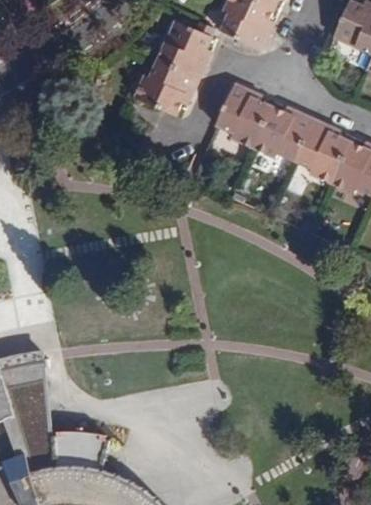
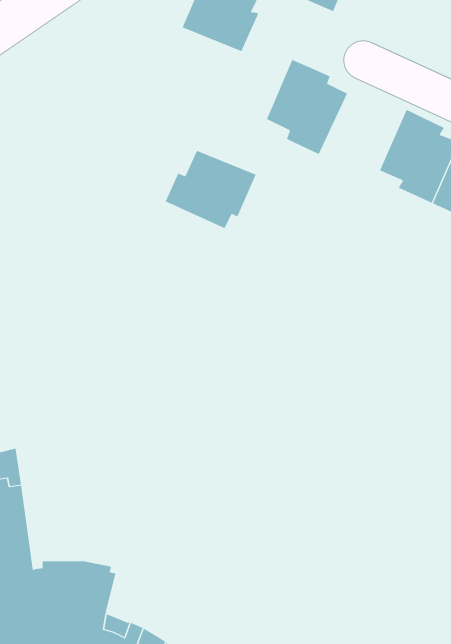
building: [133,61,197,116] -> [165,150,256,229]
building: [251,106,312,161] -> none

